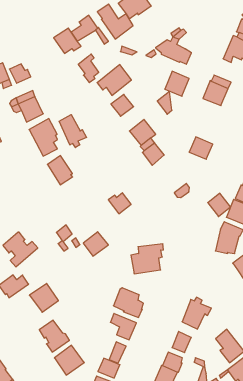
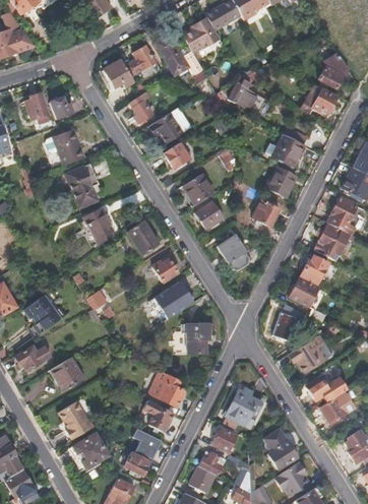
building: [165,71,189,96] -> [266,166,296,196]
building: [59,115,87,148] -> none
building: none -> [128,219,159,254]
building: [208,193,231,217] -> [219,236,245,263]
building: [83,232,108,256] -> [162,280,191,309]

